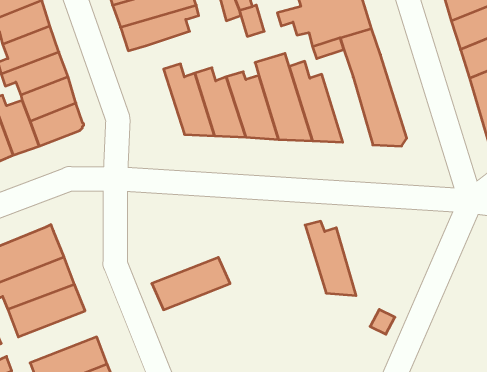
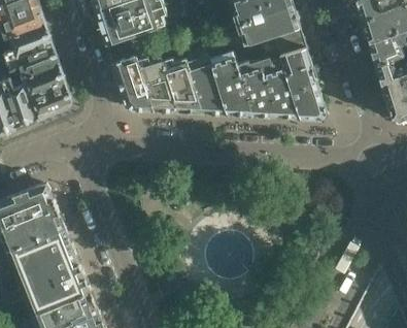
building: none -> [106,39,150,109]
building: [305,221,356,296] -> [259,59,299,118]
building: [152,257,230,310] -> [20,249,81,290]

